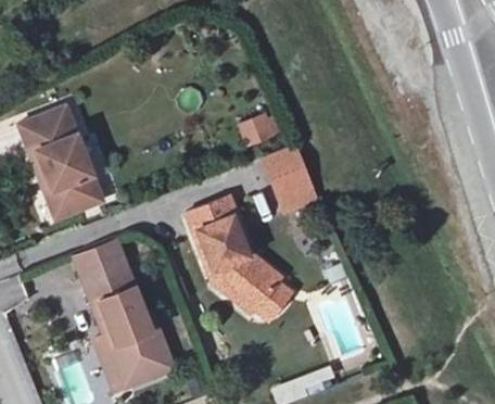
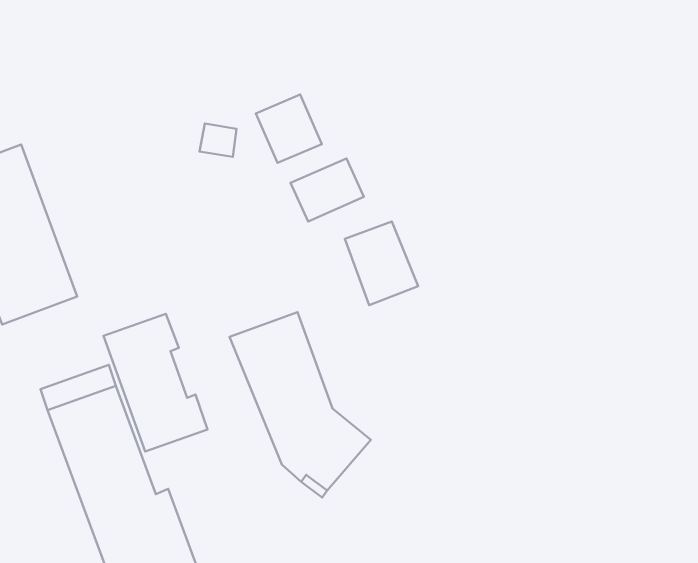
building: none -> [256,95,322,163]
building: none -> [104,314,207,451]

